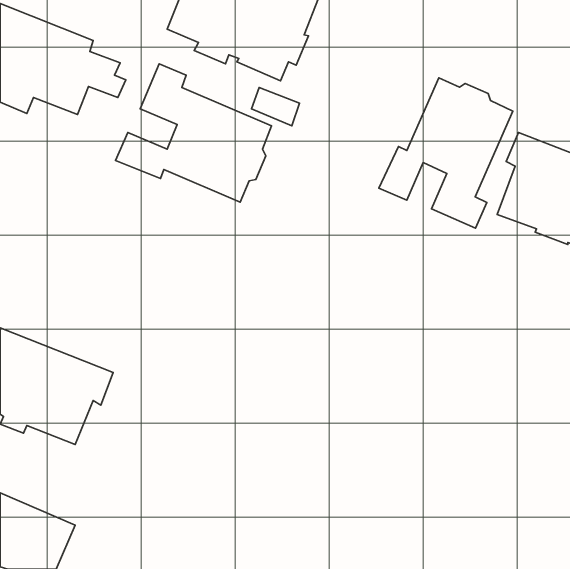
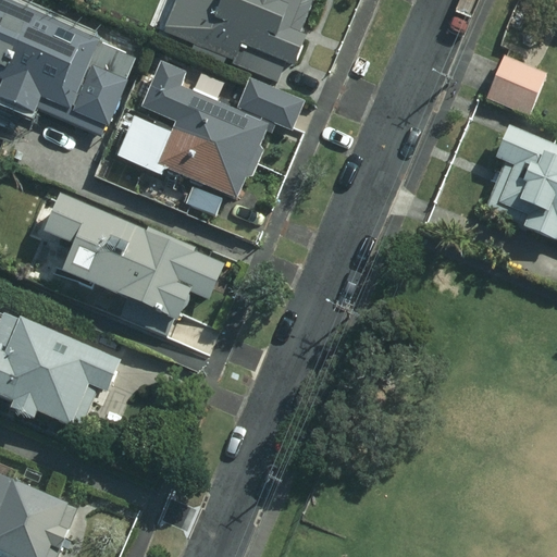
building: none -> [487,54,547,115]
building: [379,78,513,228] -> none
building: none -> [38,196,221,331]

